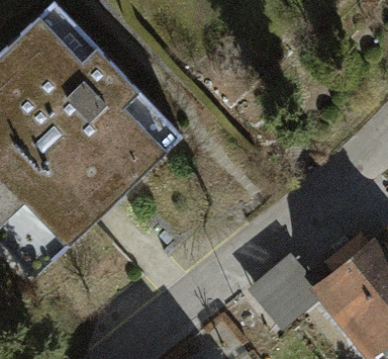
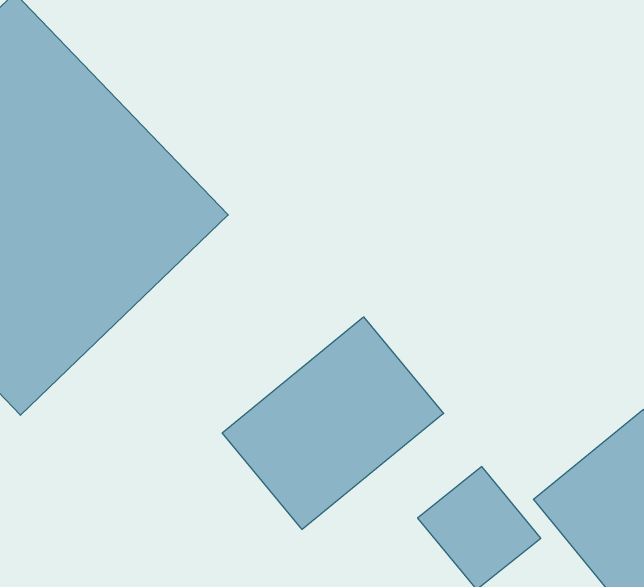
building: none -> [222,317,444,529]

